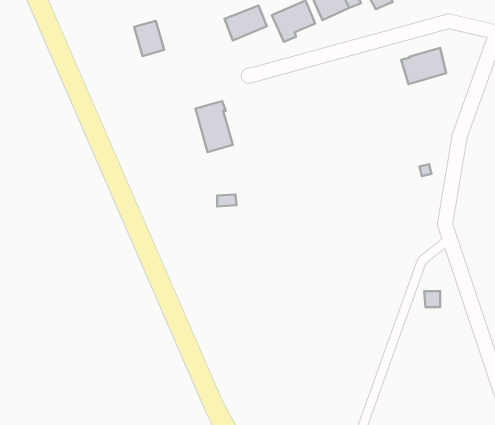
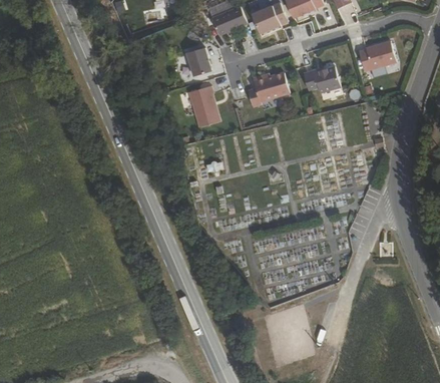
building: [134,21,164,56] -> [184,47,209,76]
building: none -> [302,66,339,93]
building: none -> [246,72,288,107]

